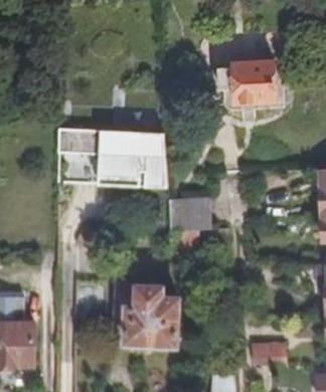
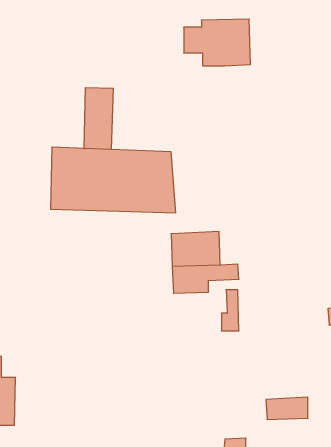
building: [217,63,275,104] -> [184,19,250,66]
building: none -> [84,88,113,149]
building: [122,290,178,353] -> none

